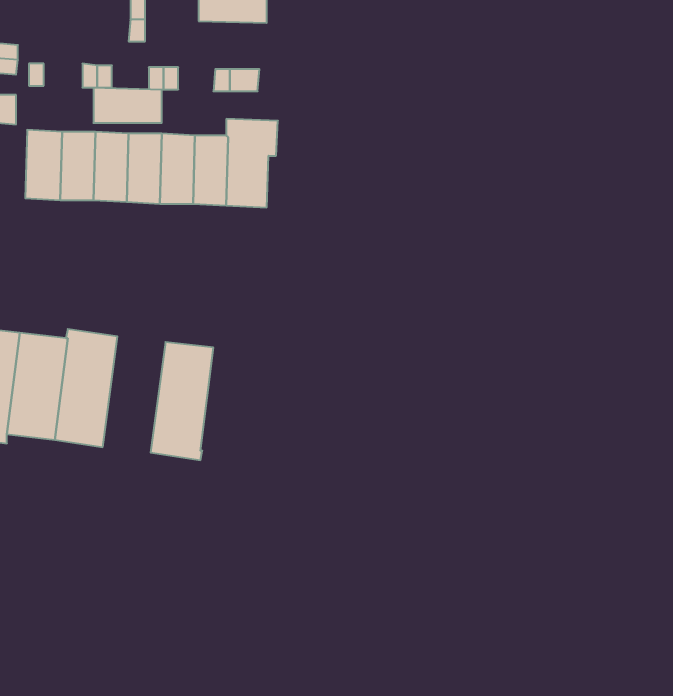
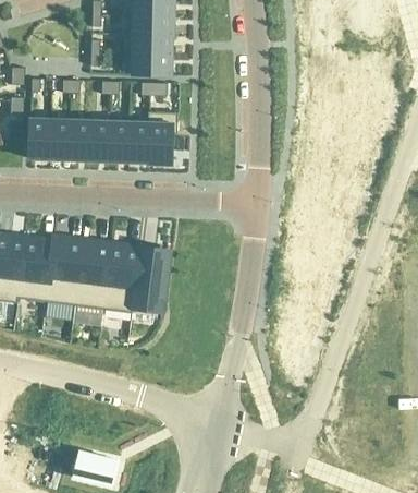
building: [93,88,162,123] -> [131,52,171,73]
building: none -> [74,239,111,308]
building: none -> [132,245,169,310]

